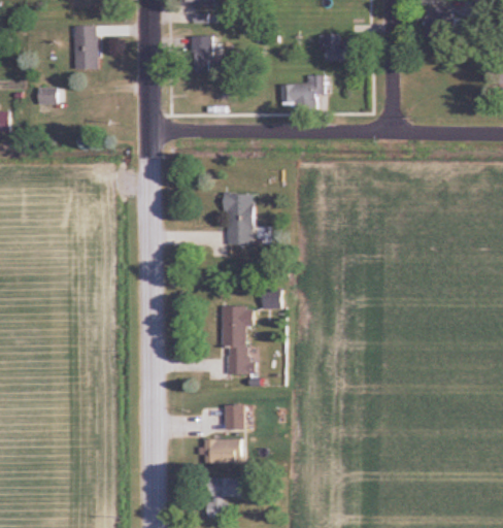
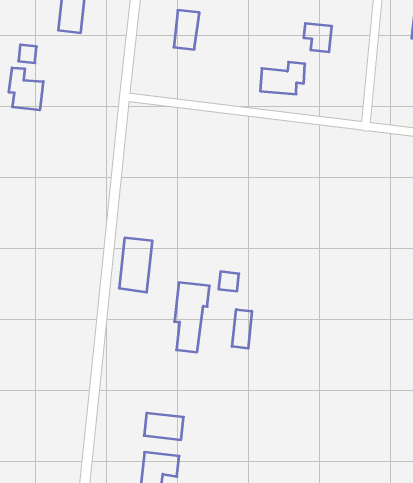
building: none -> [9,68,43,110]
building: [225,193,253,244] -> [119,238,152,292]
building: none -> [232,309,252,348]
building: [225,404,244,430] -> none

